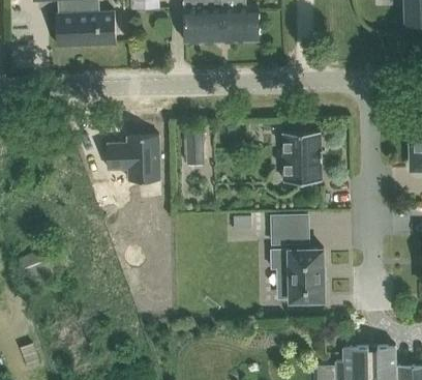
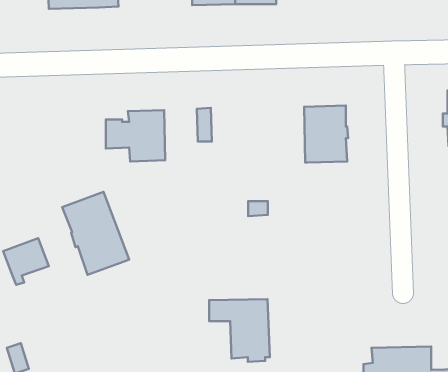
building: none -> [62,192,129,275]
building: [271,216,307,244] -> none
building: [270,250,324,305] -> [209,299,270,362]

